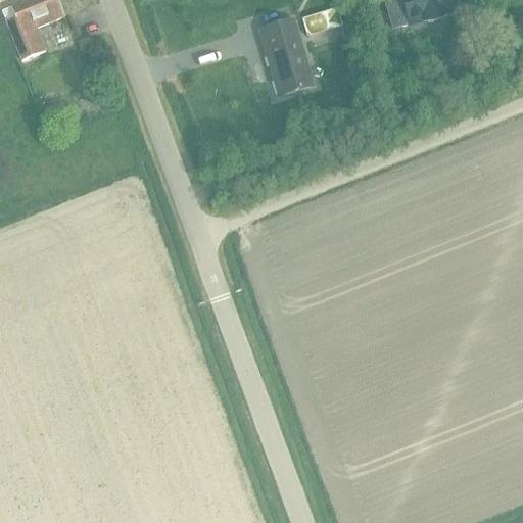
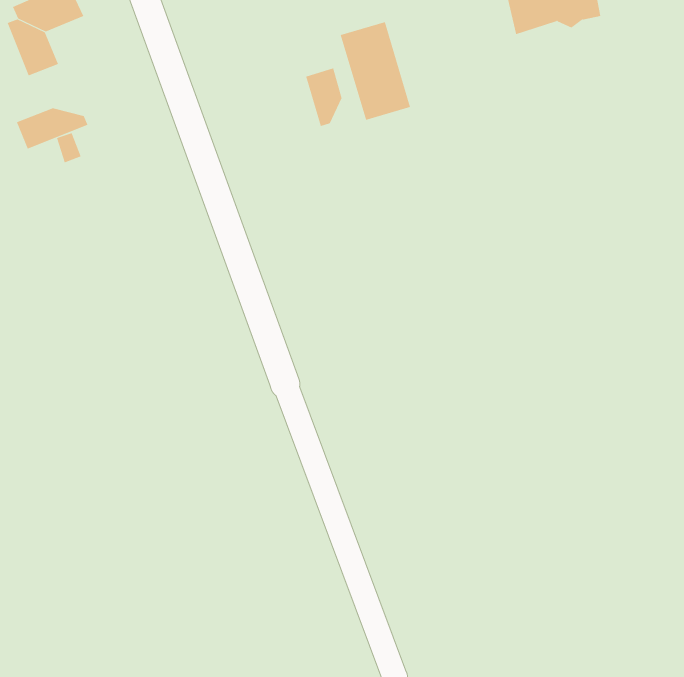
building: none -> [305,68,342,127]
building: none -> [16,108,88,149]

